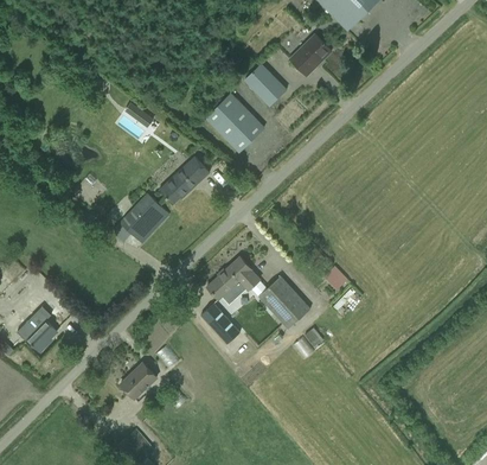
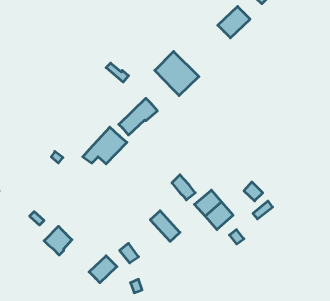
building: [244,63,286,106] -> none
building: [206,267,245,301] -> none
building: [20,313,57,351] -> [44,226,72,255]

